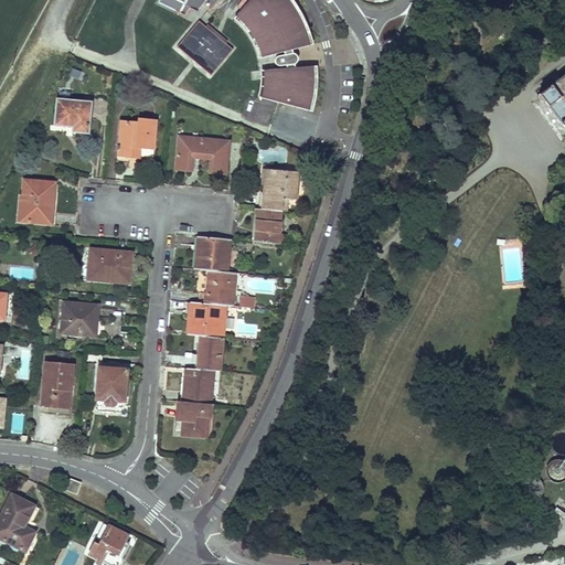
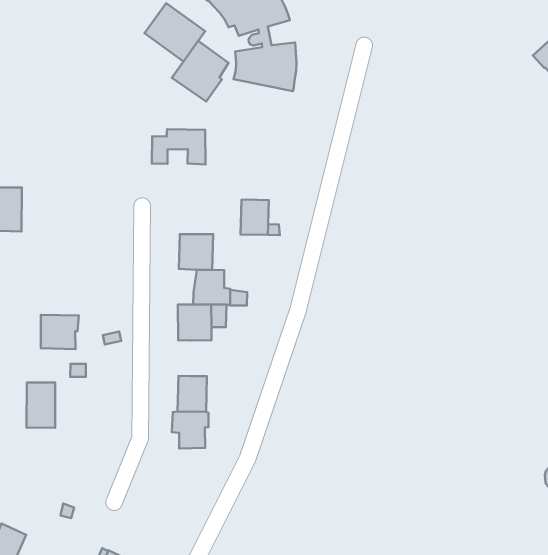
building: none -> [172,41,229,101]
building: [54,97,90,131] -> none
building: [117,118,157,157] -> none
building: [262,167,299,210] -> none
building: [88,248,131,280] -> none
building: [198,334,223,370] -> none
building: [95,365,128,405] -> none

